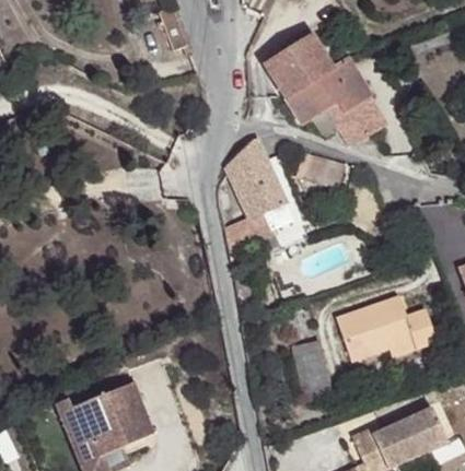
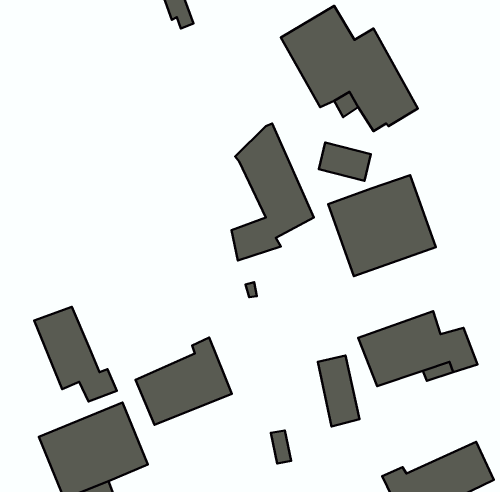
building: none -> [328,175,436,276]
building: none -> [34,307,117,402]
building: none -> [136,338,232,425]

